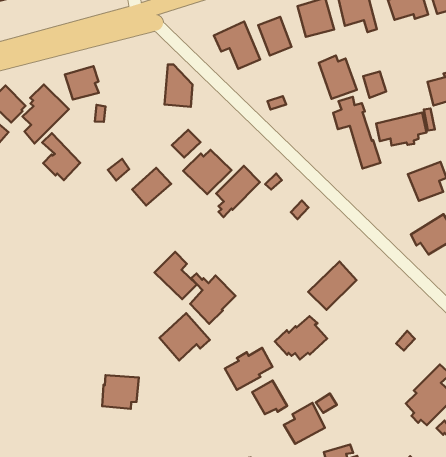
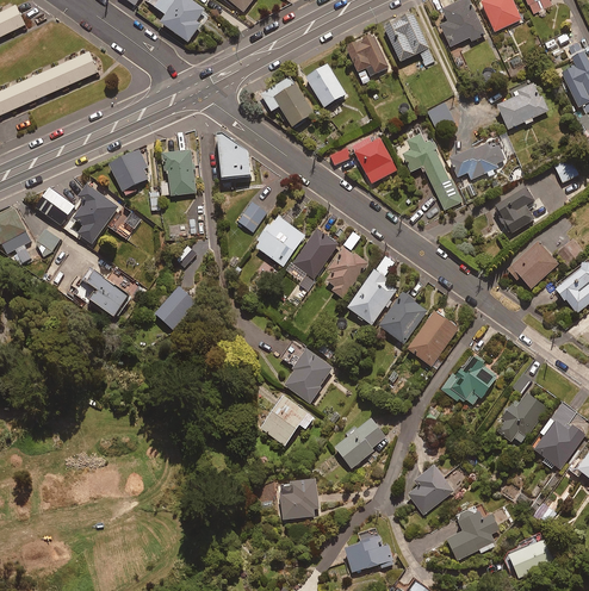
building: [319,56,357,99] -> [351,137,396,183]
building: none -> [166,151,197,195]
building: [42,133,80,180] -> [85,270,129,318]
building: [132,168,171,205] -> [156,287,197,329]
building: none -> [328,248,368,298]
building: none -> [348,272,398,324]
building: none -> [380,293,428,343]
building: [154,252,197,299] -> none
building: [275,316,327,359] -> [441,356,496,404]
building: none -> [497,394,545,442]
building: [102,375,139,409] -> [281,481,320,518]
building: [252,381,287,414] -> none

